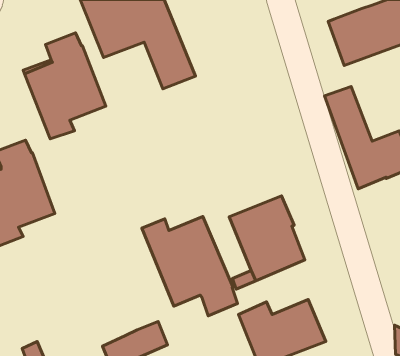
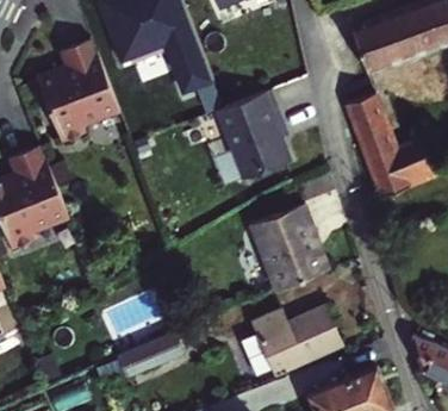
building: none -> [217,89,290,180]
building: [142,217,238,316] -> none

